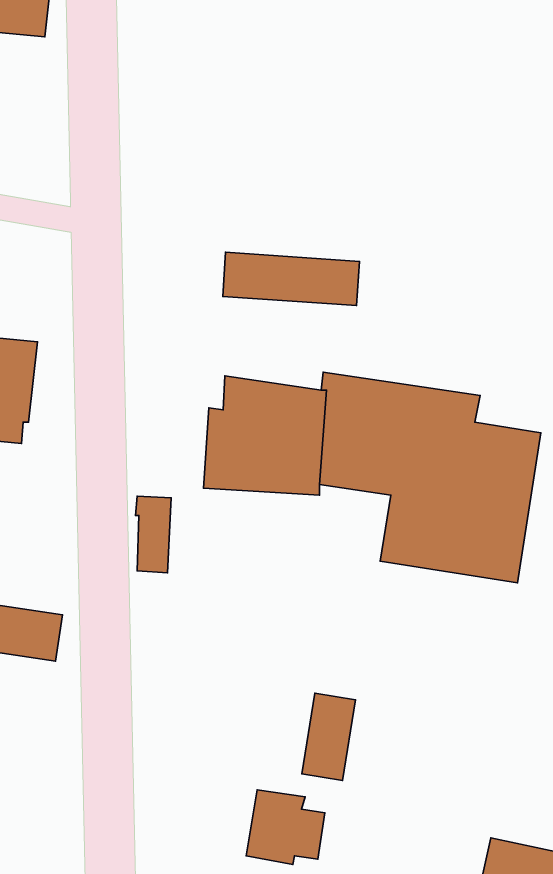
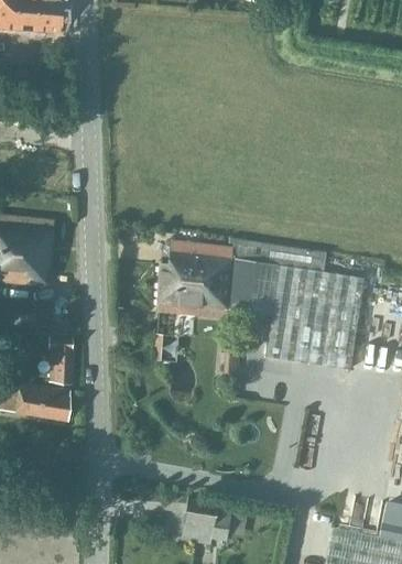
building: [223,252,359,306] -> none
building: [135,496,171,573] -> [50,336,72,383]
building: [302,693,356,780] -> none

